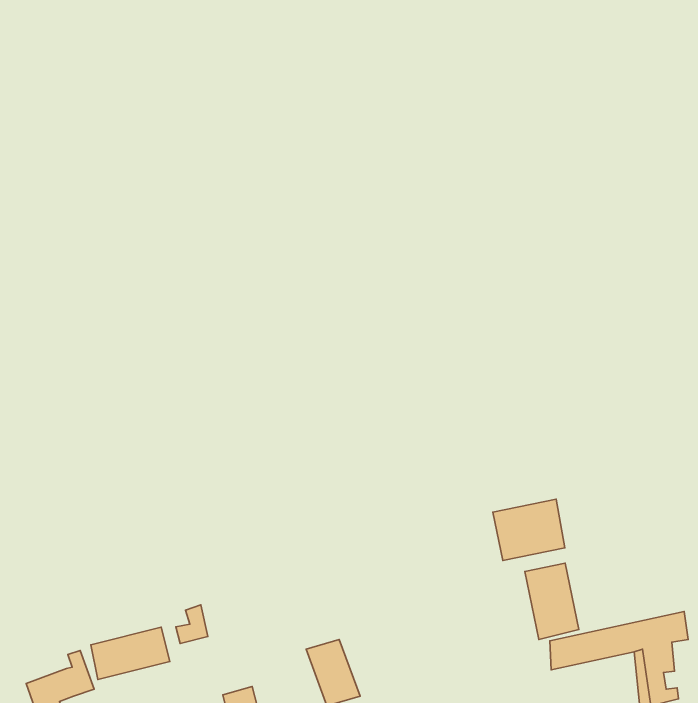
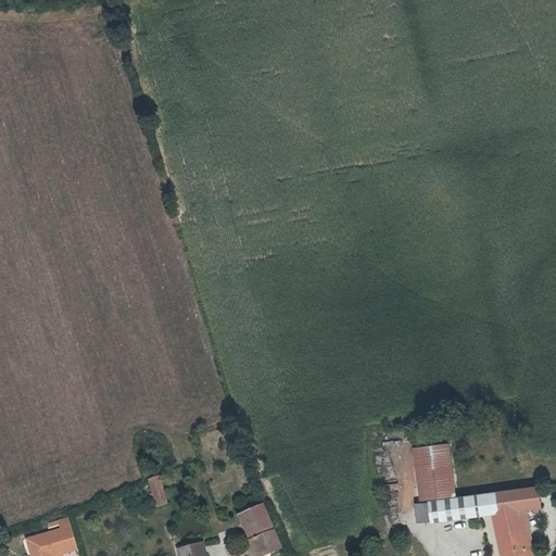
building: [493,499,565,560] -> none
building: [91,627,170,680] -> none

